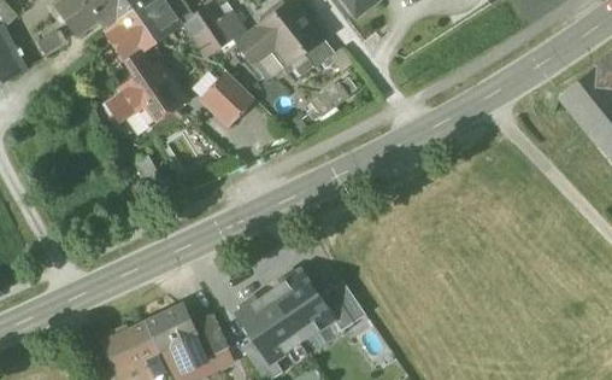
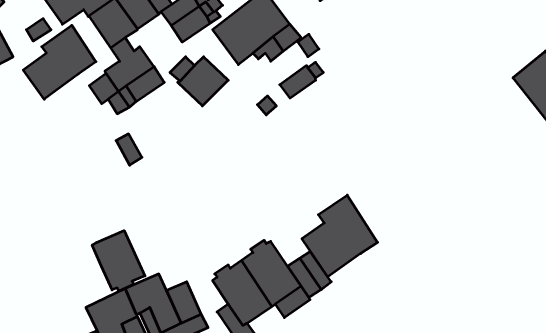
building: none -> [23,25,96,99]
building: none -> [302,195,378,277]
building: none -> [92,231,145,291]

